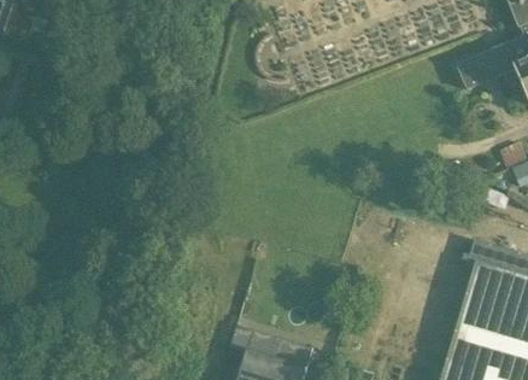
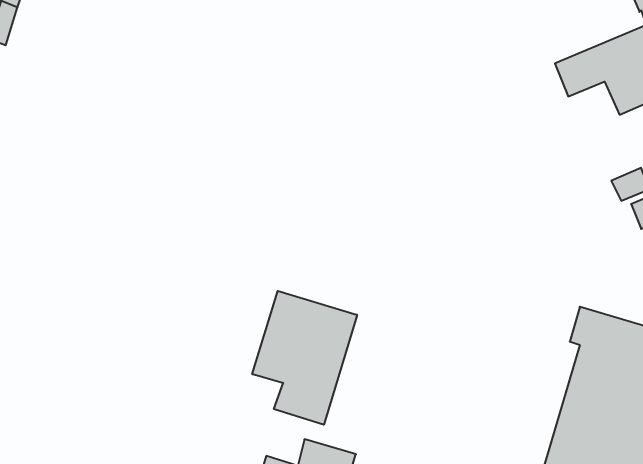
building: none -> [252,291,357,425]

